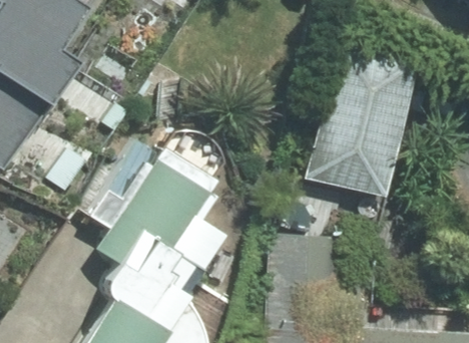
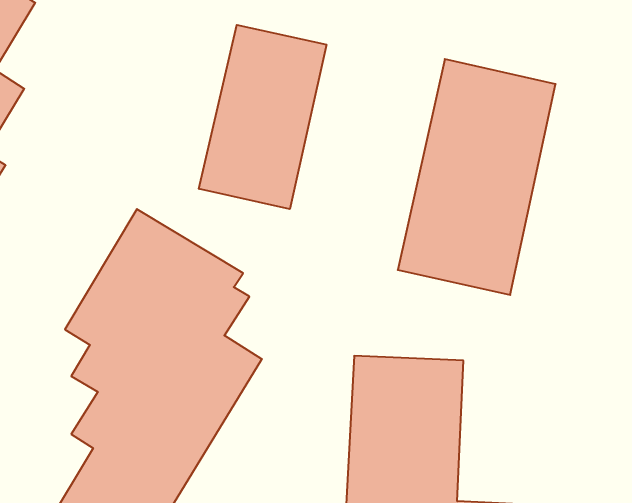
building: none -> [199,25,326,209]

